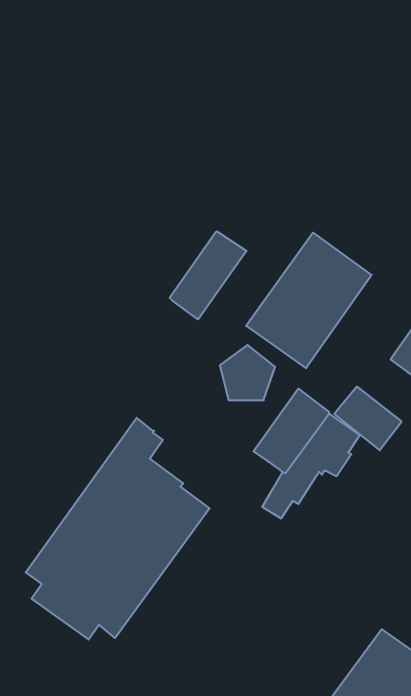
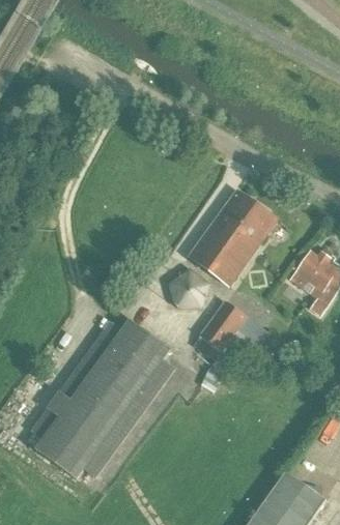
building: [170,231,247,319] -> none
building: [334,387,401,450] -> none
building: none -> [119,320,174,385]

